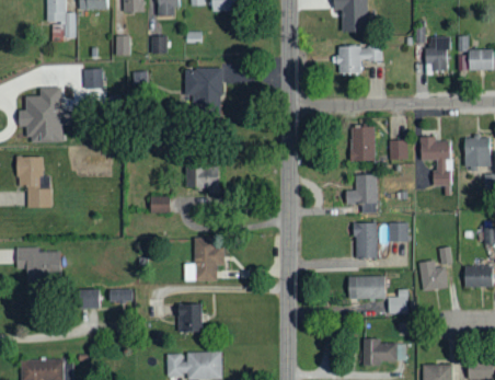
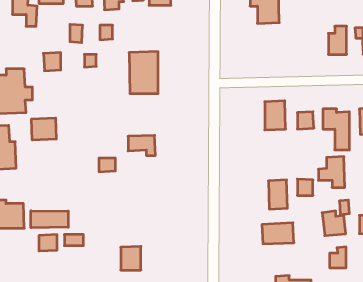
building: [336,47,383,74] -> none
building: none -> [32,118,56,140]
building: [346,175,378,212] -> [318,157,345,187]
building: [185,237,225,280] -> none
building: none -> [31,211,68,228]
building: [389,288,408,313] -> [330,247,346,268]

